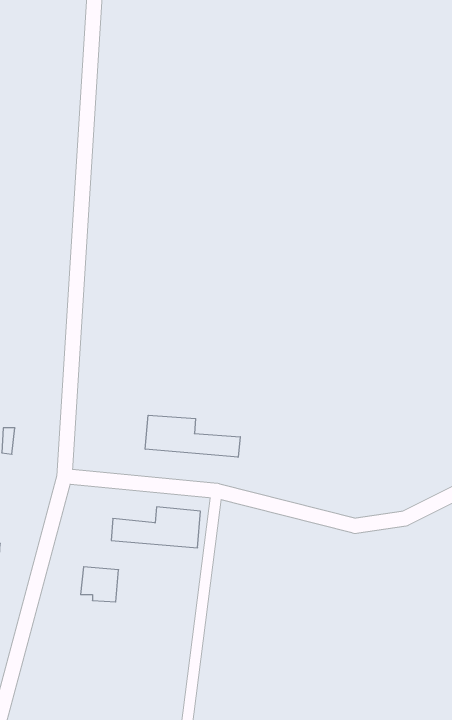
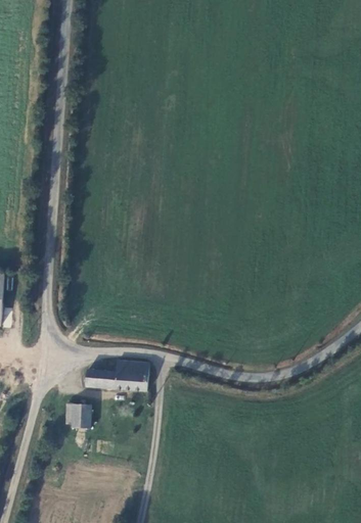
building: [145,415,240,457] -> none

